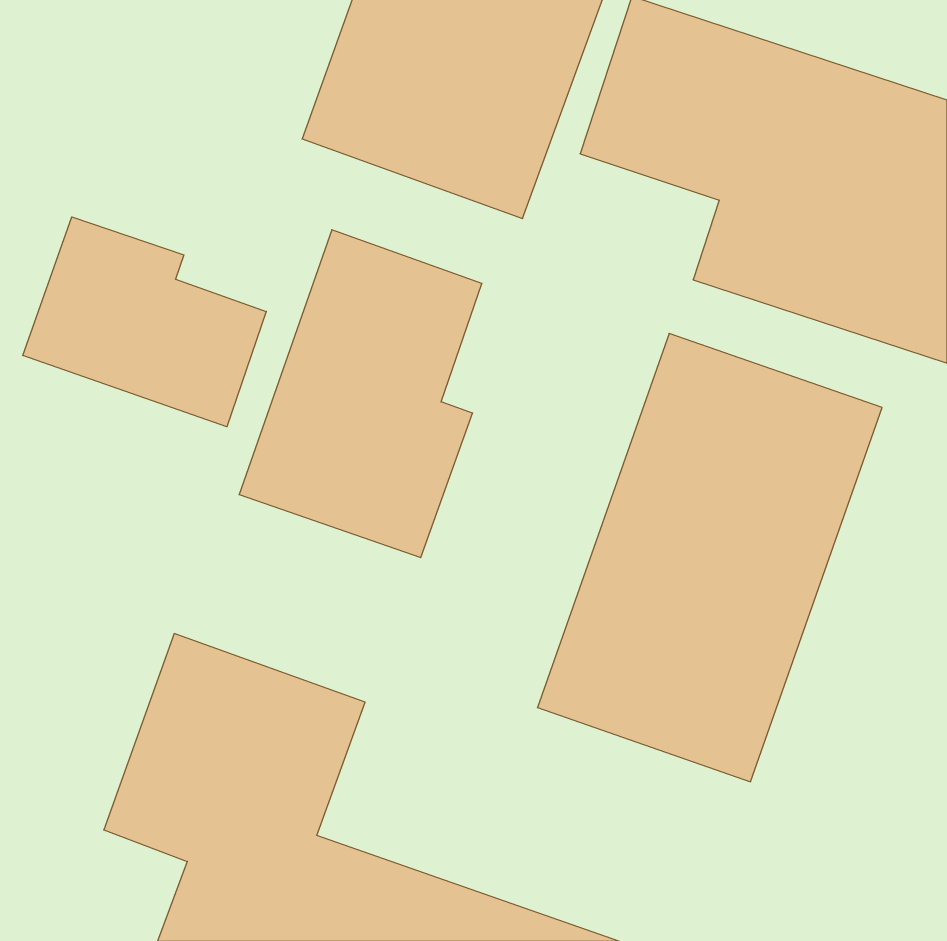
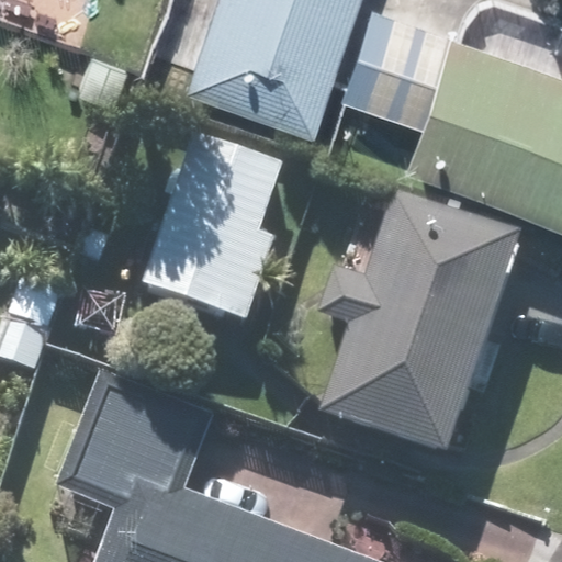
building: [23,217,266,427] -> none

